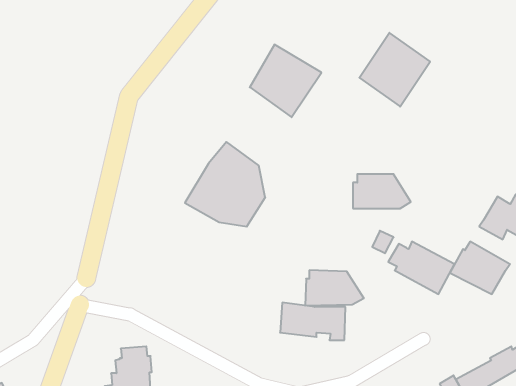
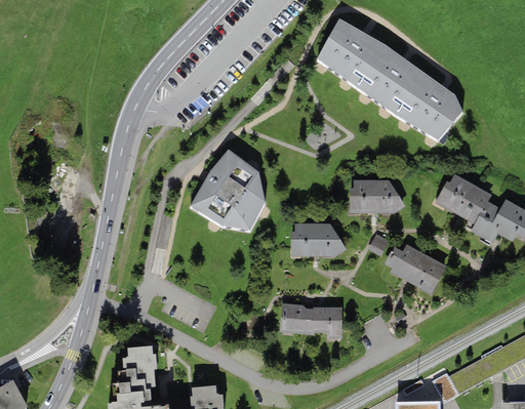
building: [250,45,321,117] -> [316,17,385,87]
building: none -> [395,72,462,139]
building: [450,242,510,294] -> [435,173,492,223]
building: [305,270,364,306] -> [290,222,347,256]

